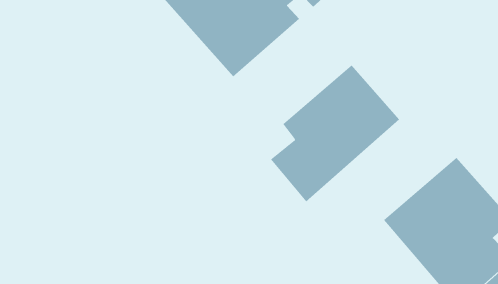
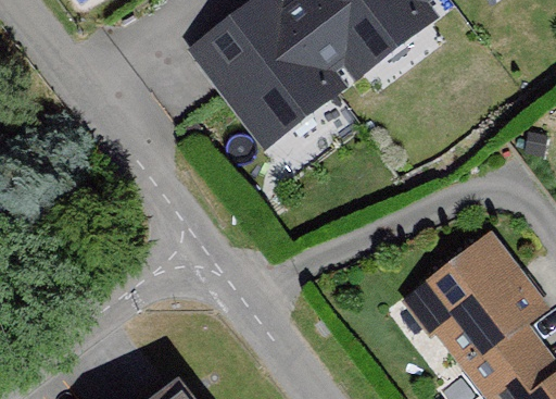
building: [270,65,400,202] -> none

